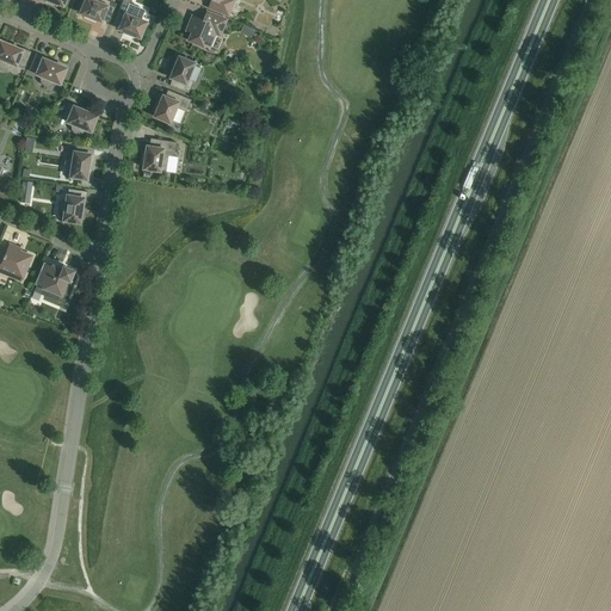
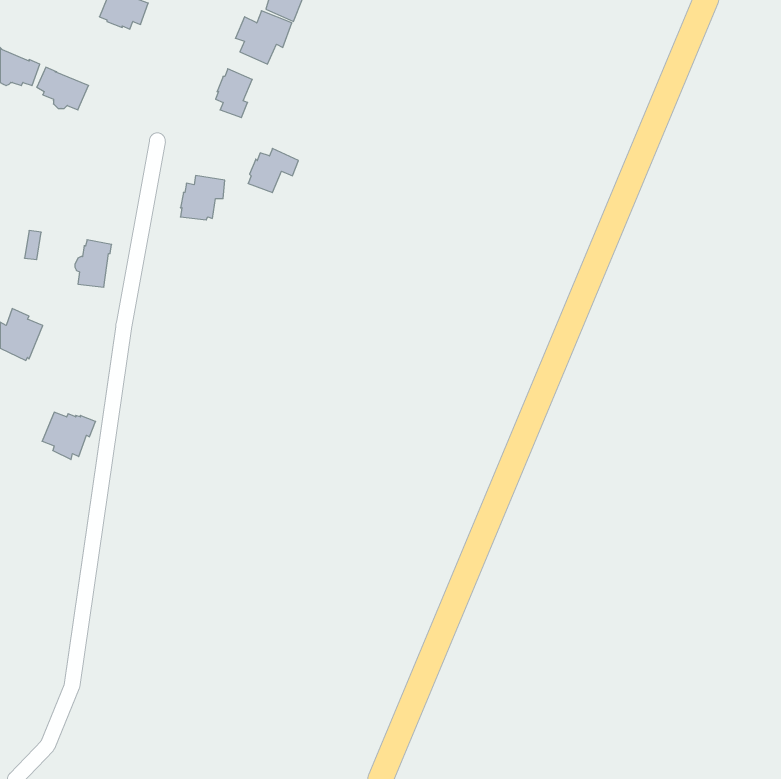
building: [115,5,148,39] -> none
building: [152,90,191,124] -> [248,148,298,193]
building: [61,100,99,134] -> none
building: [66,144,94,181] -> none
building: [33,263,75,300] -> [42,412,96,460]

